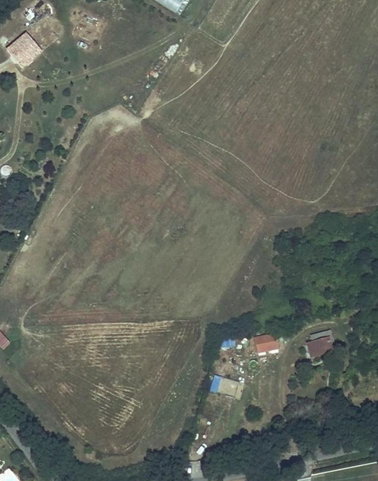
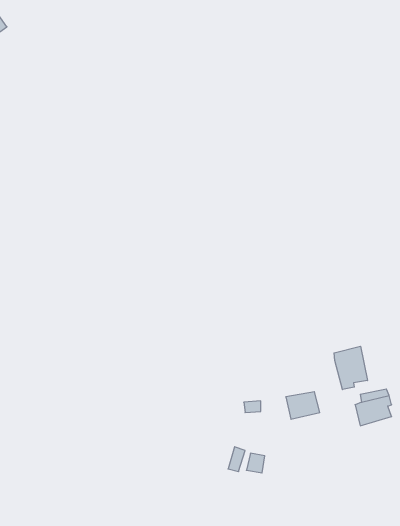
building: none -> [334,346,367,390]

